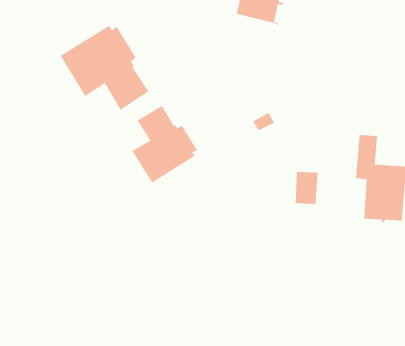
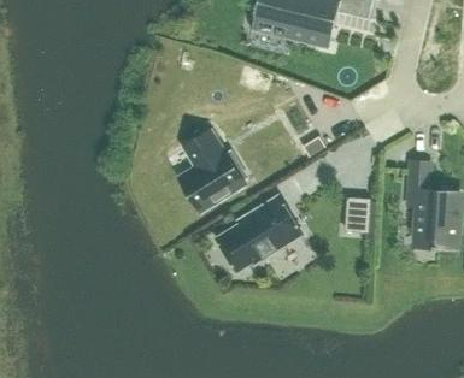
building: [60,25,149,111] -> none
building: none -> [217,195,303,270]

